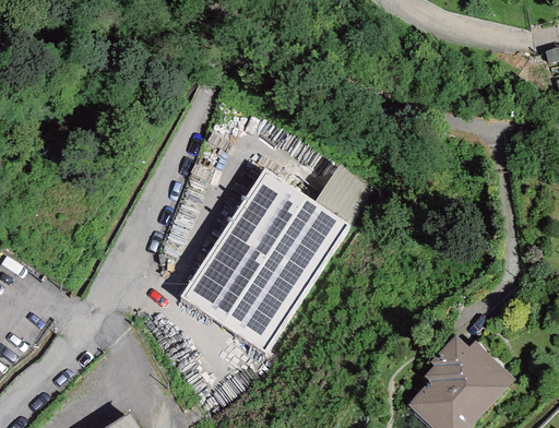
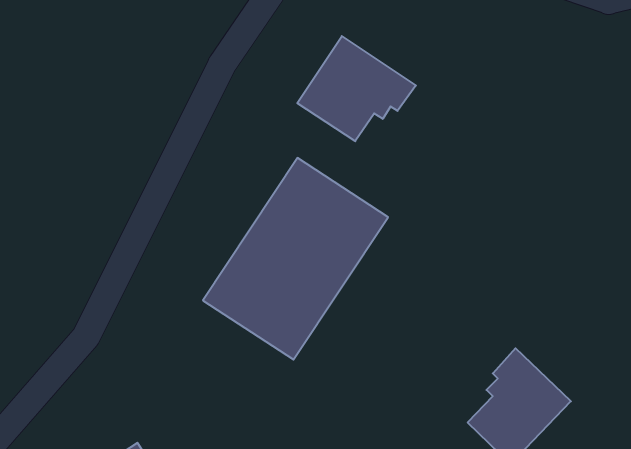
building: none -> [297,36,416,141]

